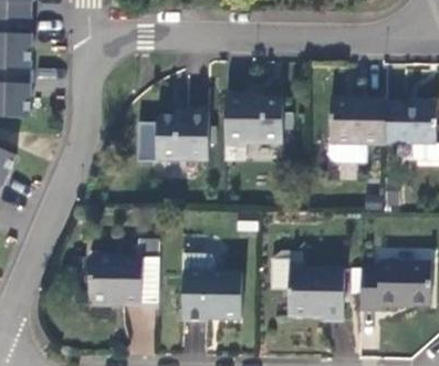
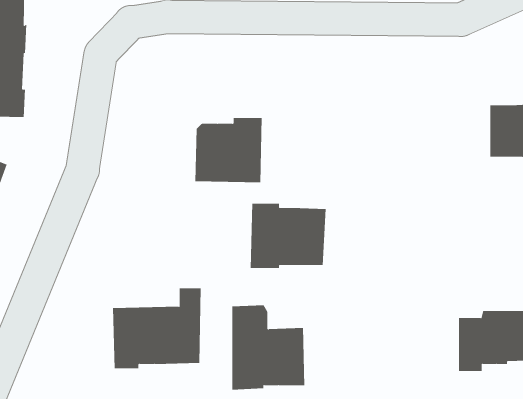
building: [224,97,284,148] -> [250,203,326,268]
building: [330,98,386,143] -> none
building: [288,268,344,318] -> none

